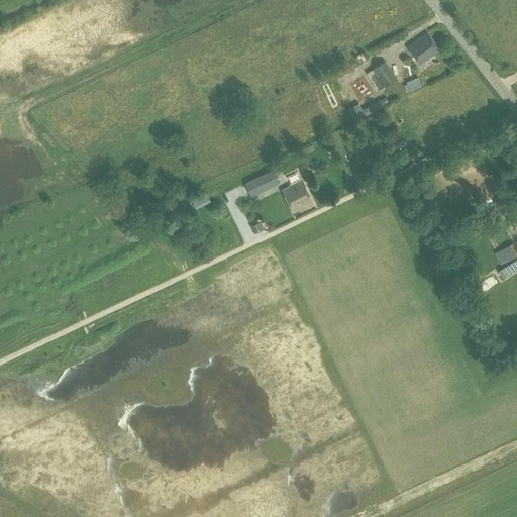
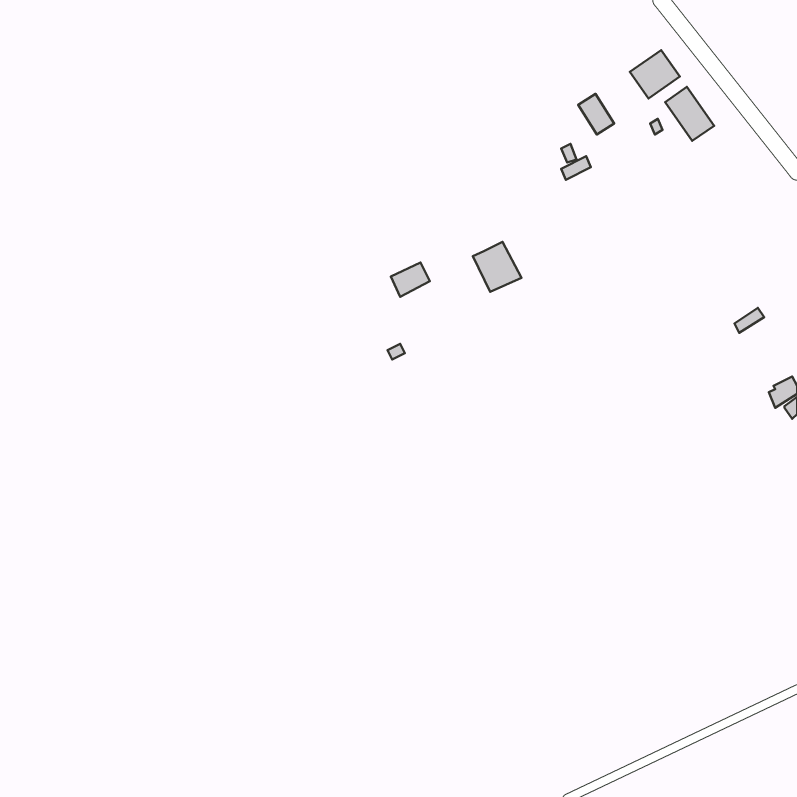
building: none -> [665,87,714,141]
building: [281,180,312,212] -> [473,242,521,292]

